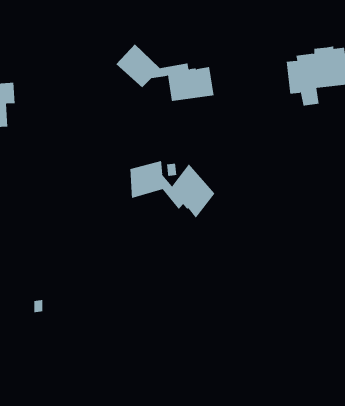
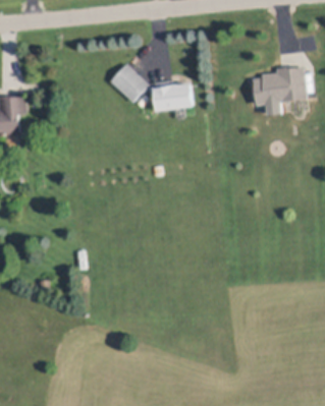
building: [130,160,215,219] -> none

